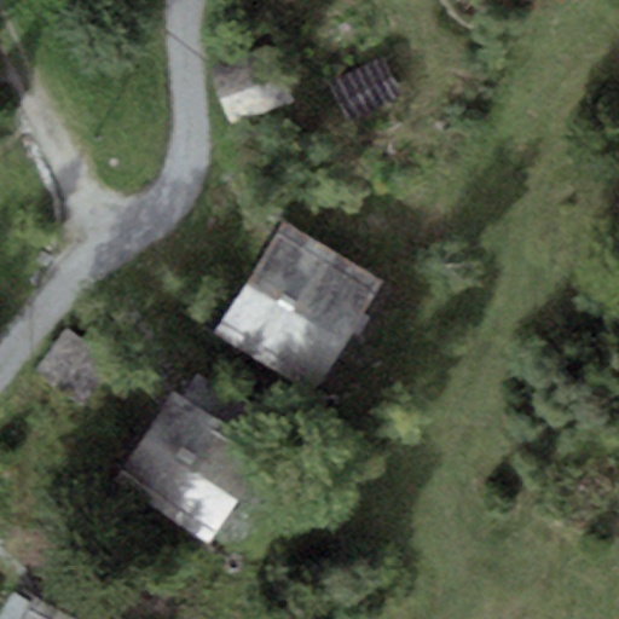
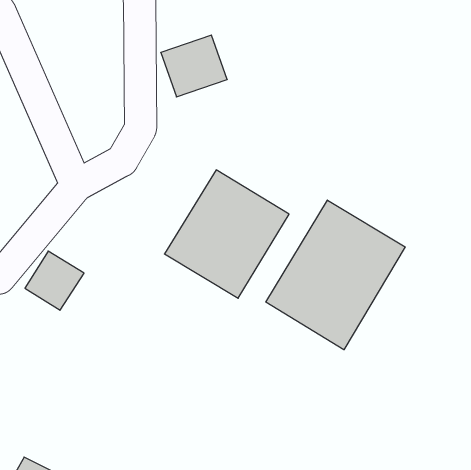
building: none -> [266,200,405,350]
building: [115,395,261,539] -> none

